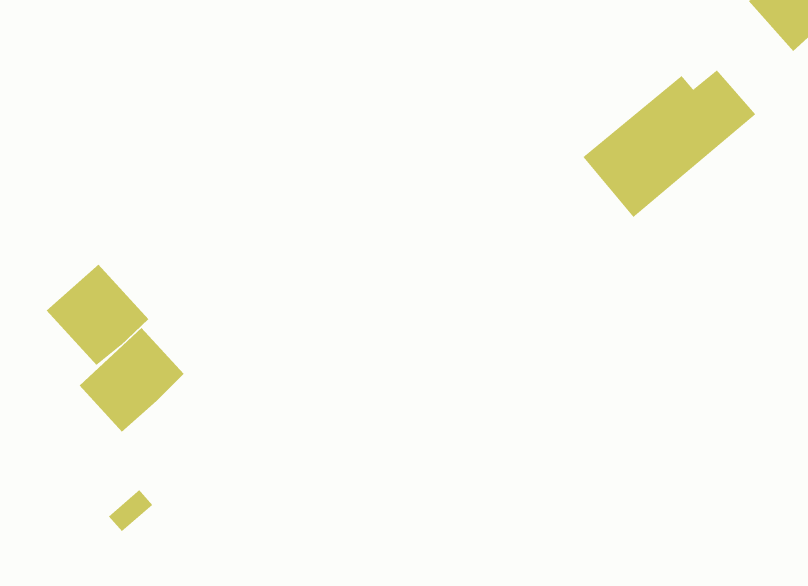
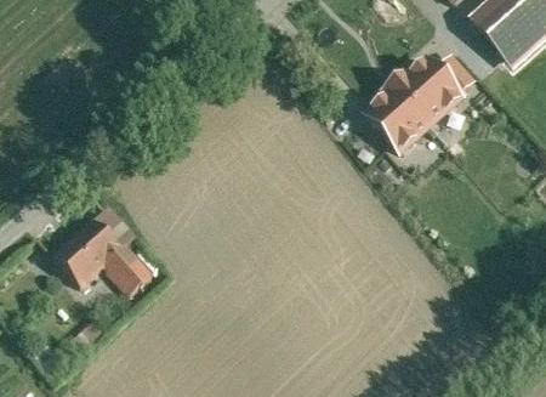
building: [46,264,149,366] -> none
building: none -> [103,243,153,293]

